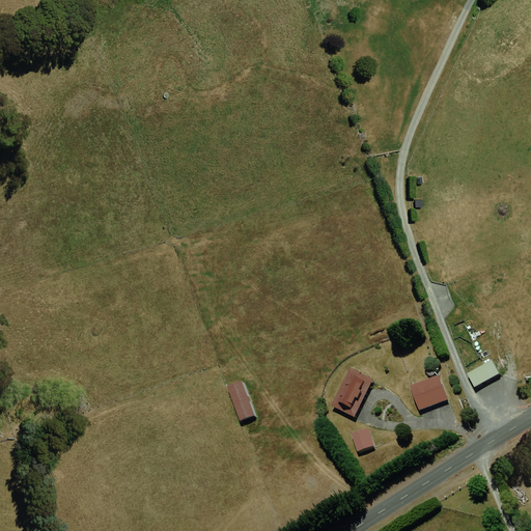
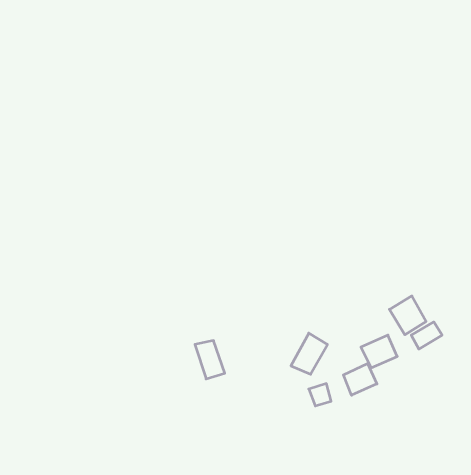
building: none -> [389,296,426,335]
building: none -> [343,364,377,395]

